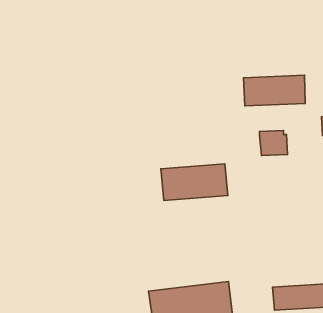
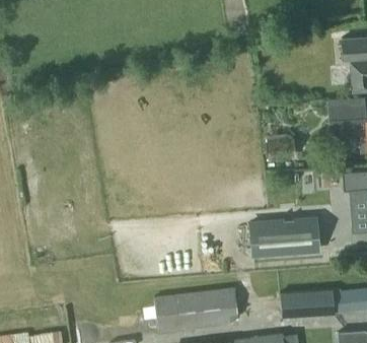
building: [244,75,305,106] -> none
building: [161,164,228,201] -> [250,218,318,256]

